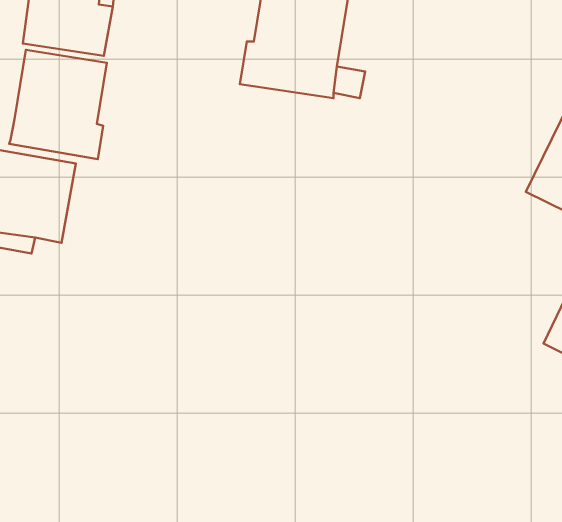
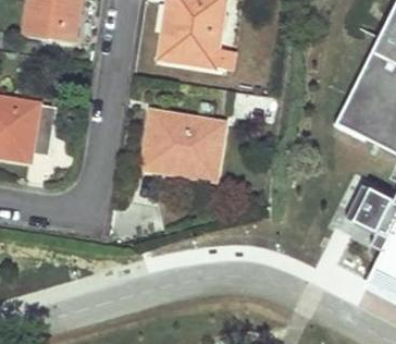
building: [9,50,107,159] -> none
building: none -> [144,112,225,181]

